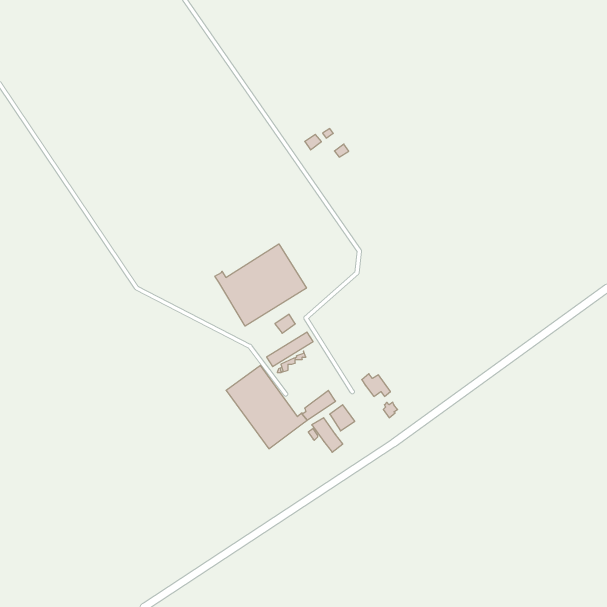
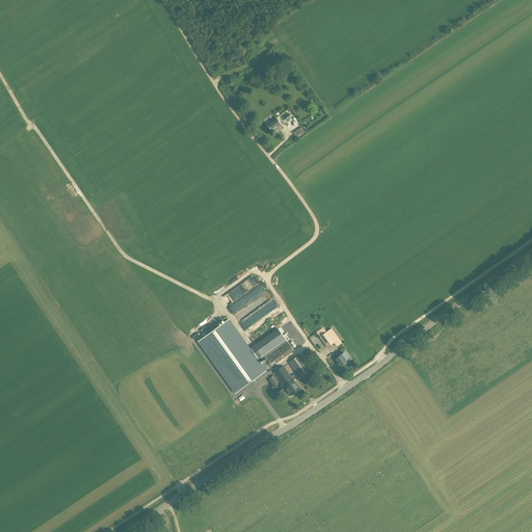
building: [215,244,306,326] -> none
building: none -> [252,328,287,362]

